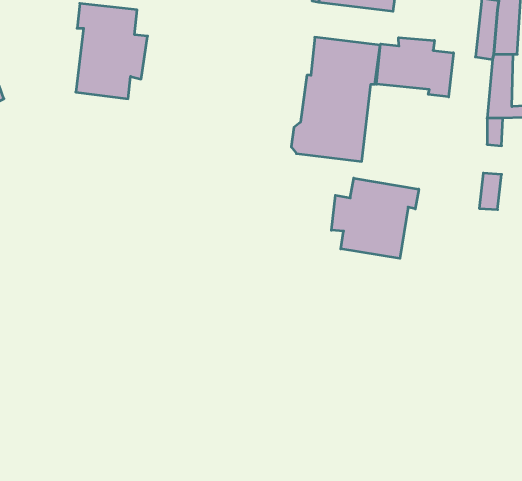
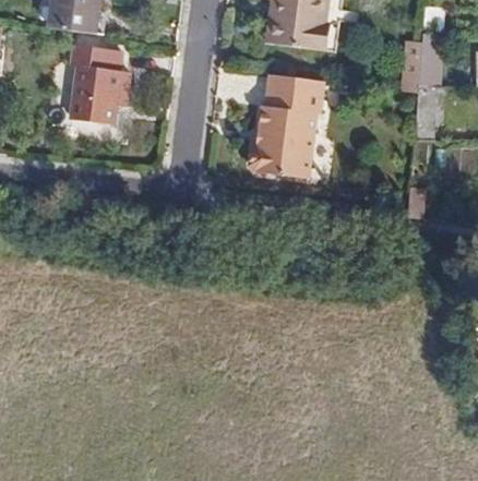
building: [377,38,453,97] -> none
building: [331,178,419,258] -> none

